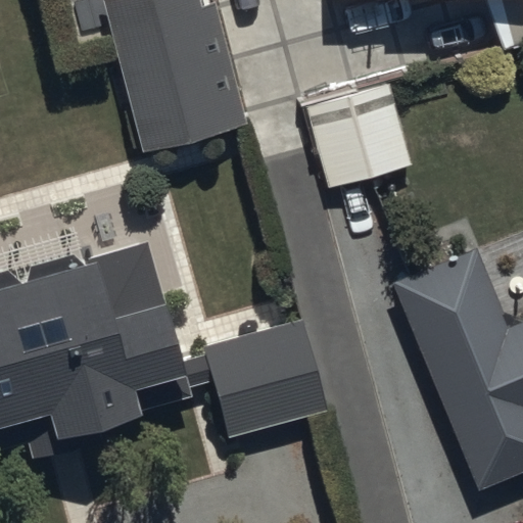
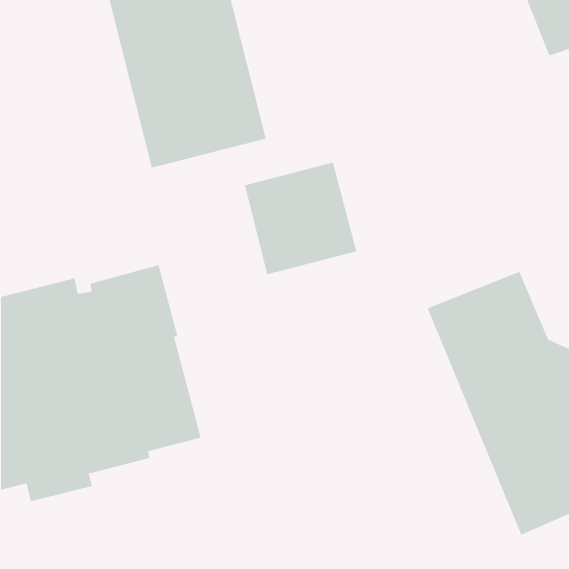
building: [308,84,412,187] -> [244,162,357,275]
building: [203,318,327,437] -> none

